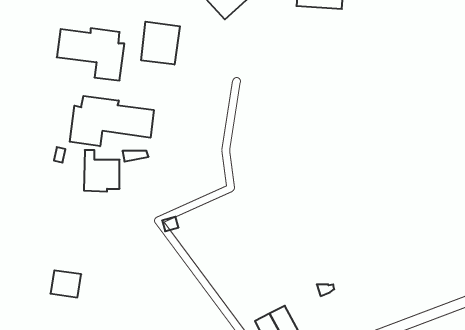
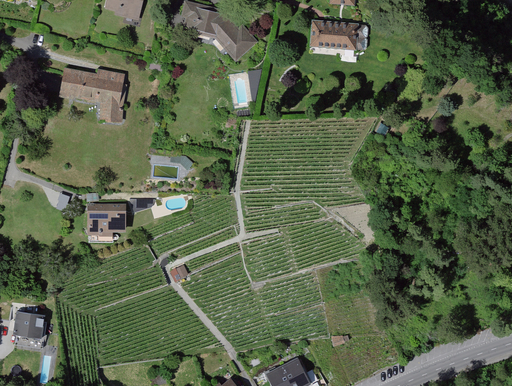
building: [141,22,180,65] -> none
building: [70,96,154,146] -> none
building: [50,270,81,297] -> [11,310,43,338]

